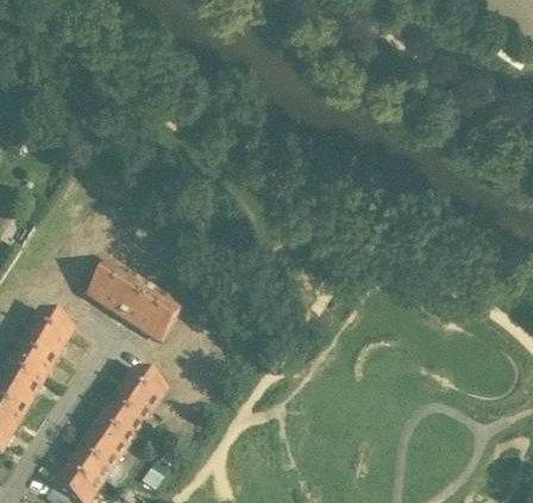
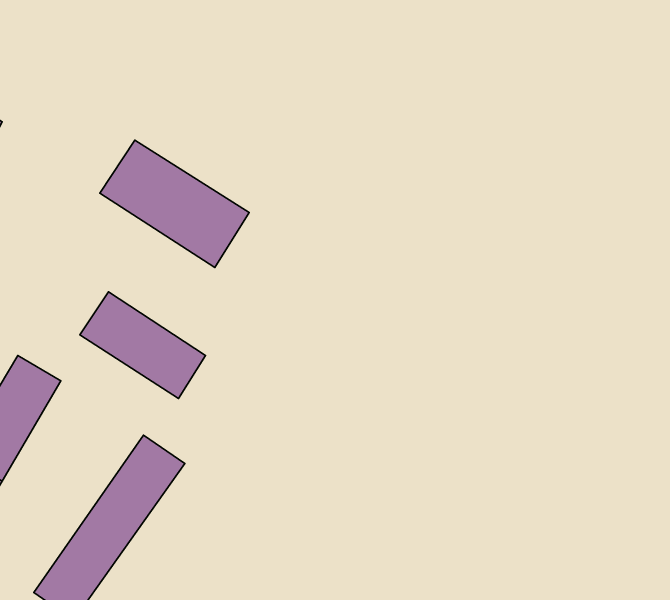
building: none -> [100,140,249,268]

